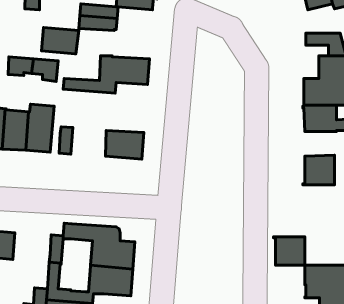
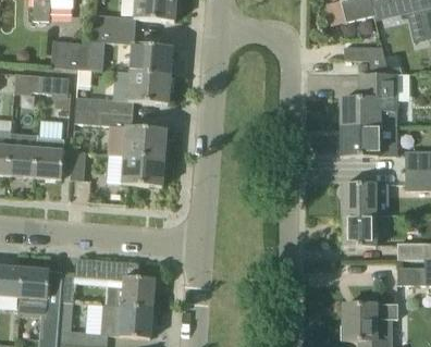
building: none -> [130,42,173,75]
building: none -> [74,109,167,157]
building: none -> [19,268,49,317]
building: [273,237,305,265] -> [341,214,375,246]

